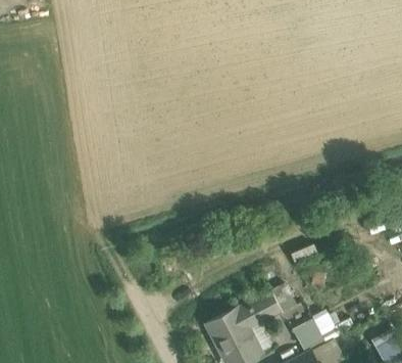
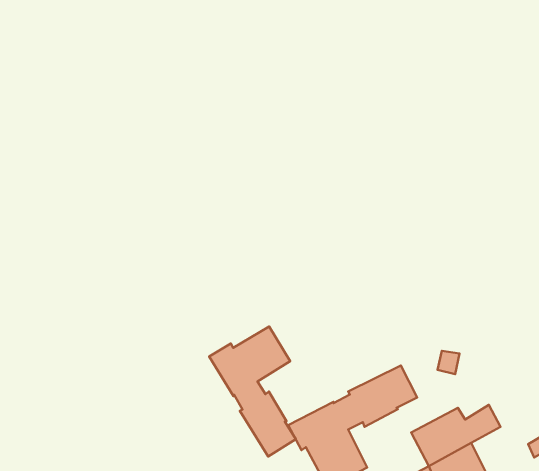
building: none -> [209,327,296,456]

